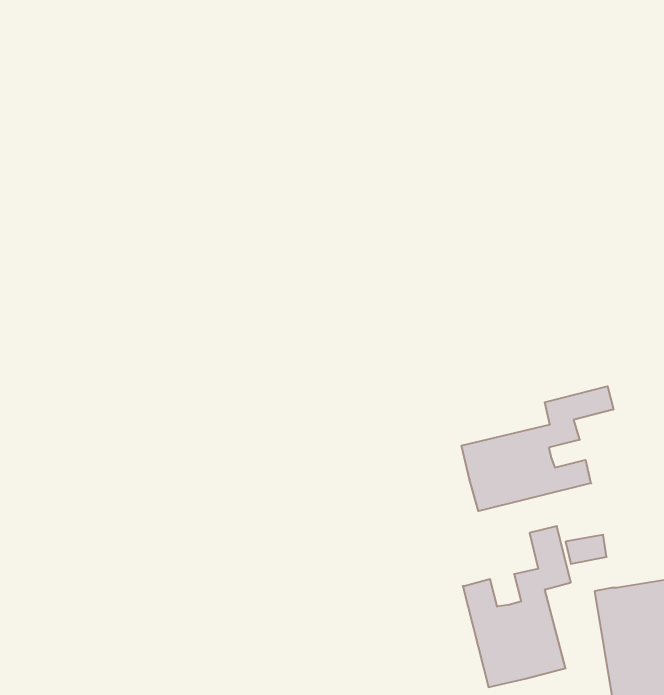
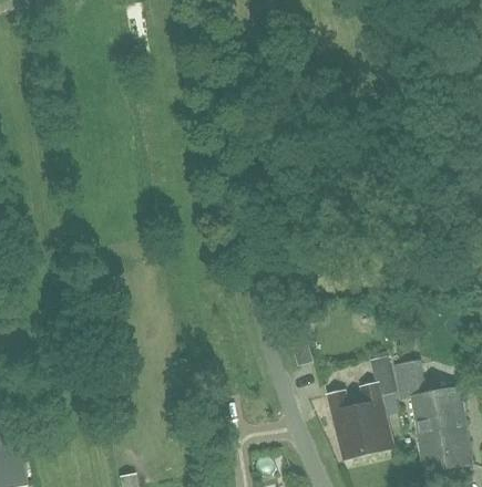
building: [462,386,613,511] -> none

